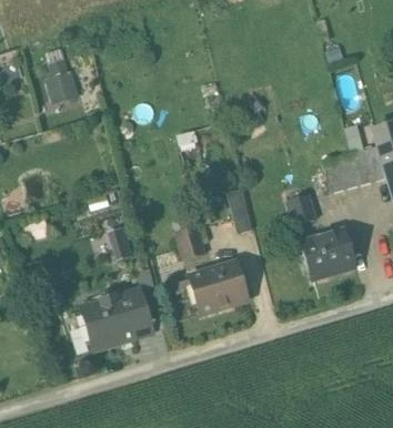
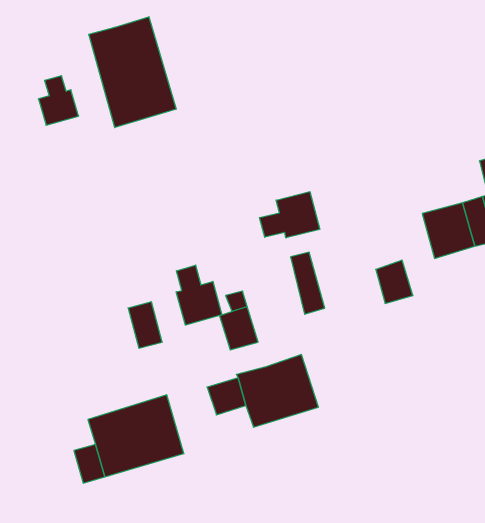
building: none -> [89,17,176,128]
building: none -> [259,192,320,238]
building: none -> [176,265,222,325]
building: [301,228,355,279] -> none

